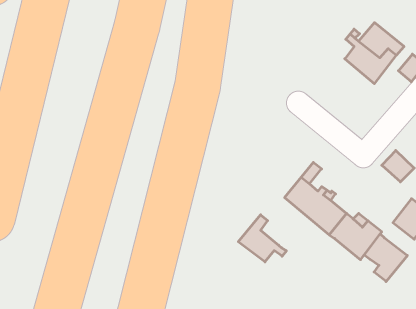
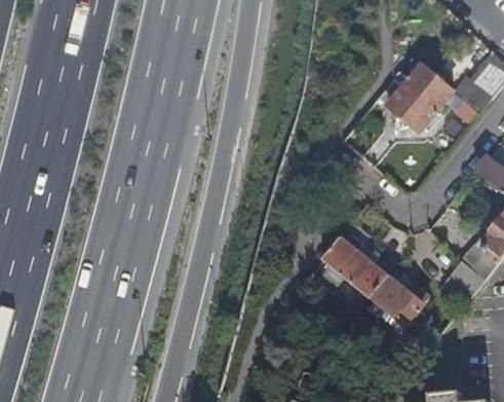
building: [238,215,286,262] -> none
building: [364,234,407,282] -> none

